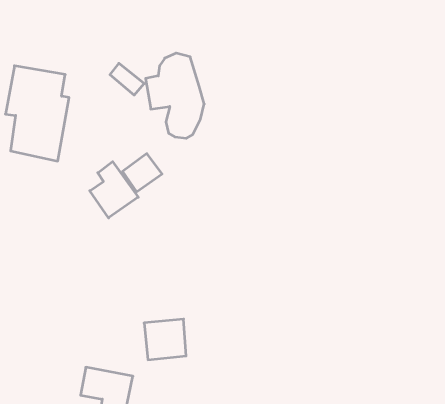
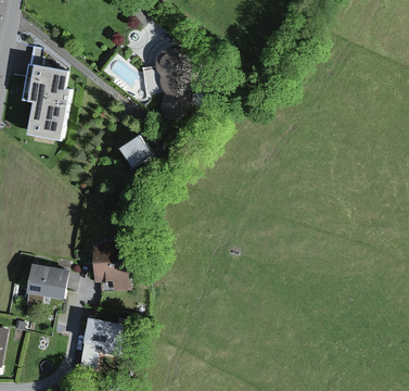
building: [90,162,138,218] -> none
building: none -> [26,263,68,300]
building: [144,319,186,360] -> [90,250,126,285]

